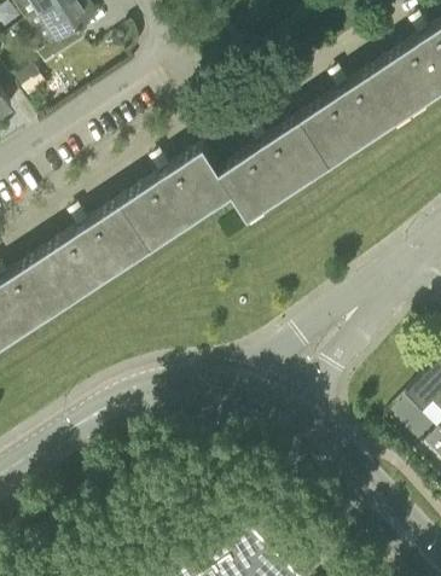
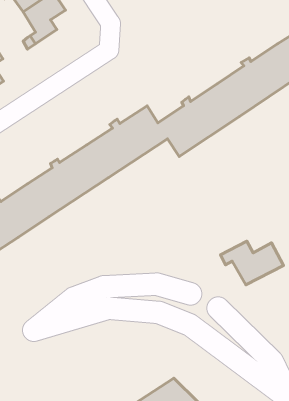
building: none -> [220,241,283,285]

